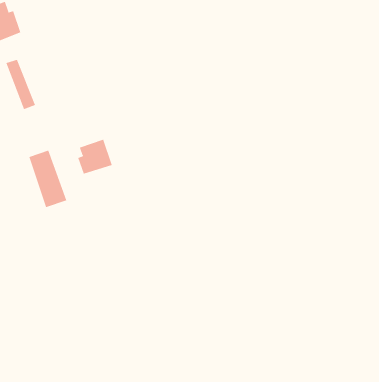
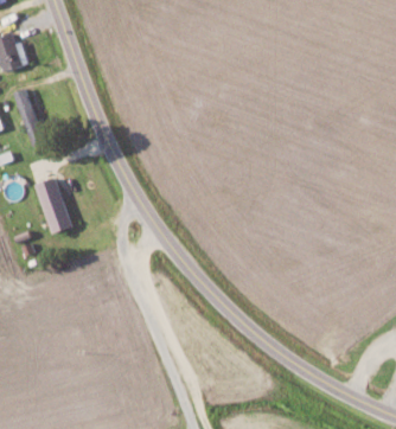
building: [78,139,112,174] -> none

